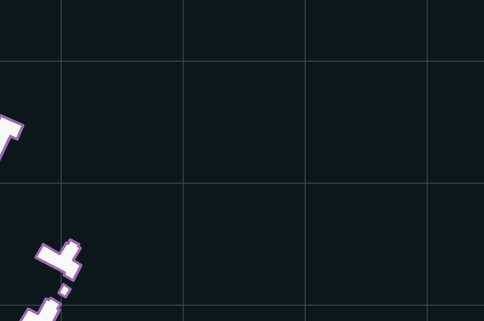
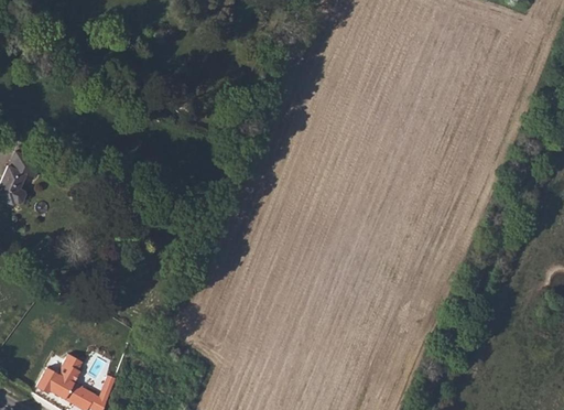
building: [36,240,81,281] -> none

